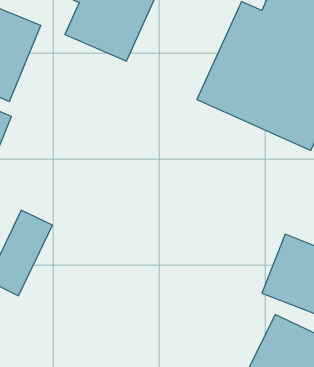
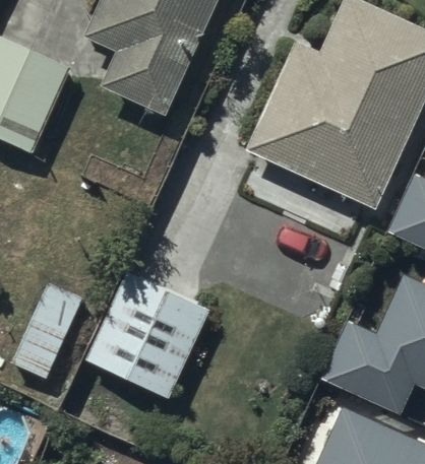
building: none -> [82,277,208,404]

